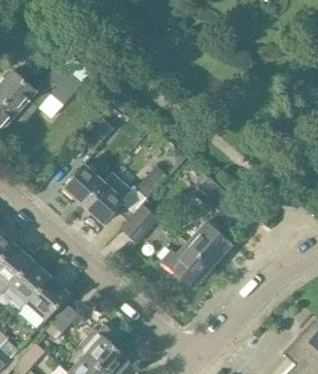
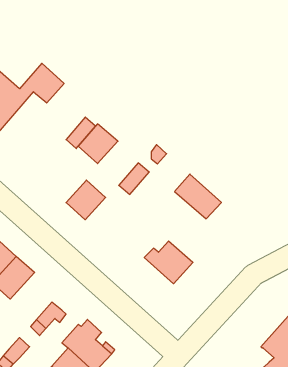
building: [64,166,104,206] -> [78,124,118,164]
building: [120,205,158,244] -> none
building: [187,223,232,267] -> none
building: [27,277,70,321] -> none

